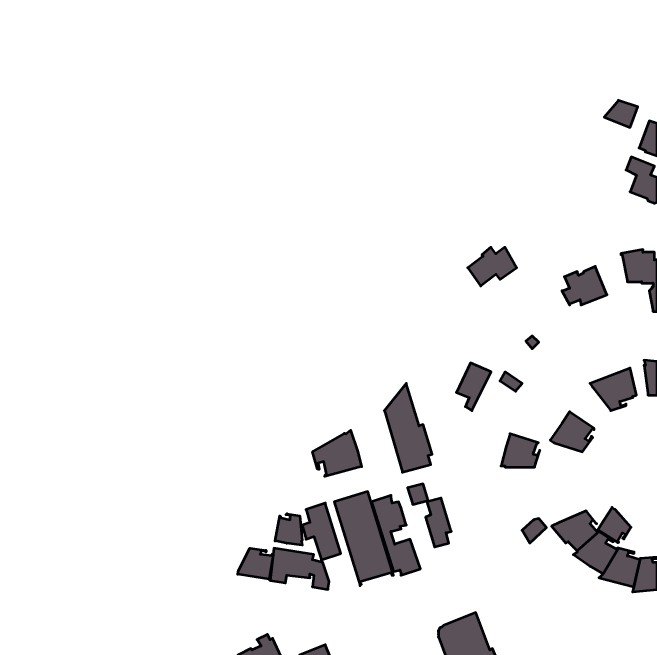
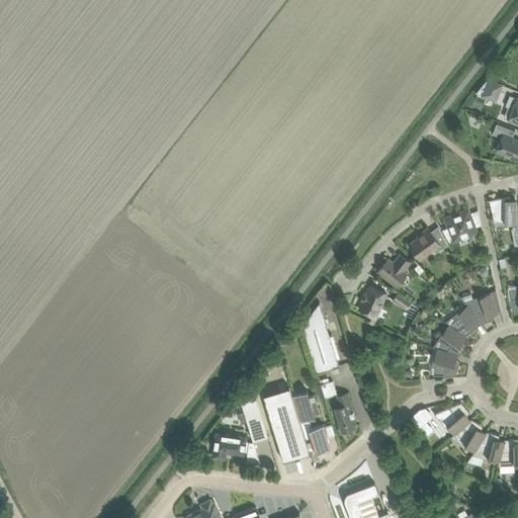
building: [468,247,517,286] -> [410,230,448,260]
building: none -> [378,256,411,288]
building: none -> [445,307,481,339]
building: [313,430,362,476] -> none
building: [501,434,540,467] -> [429,350,459,376]
building: [598,507,631,543] -> none
building: [275,514,302,545] -> none
building: [238,548,273,579] -> none

